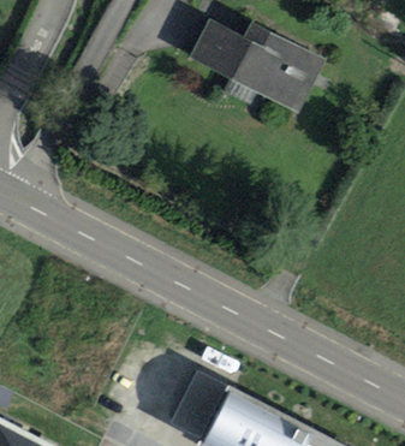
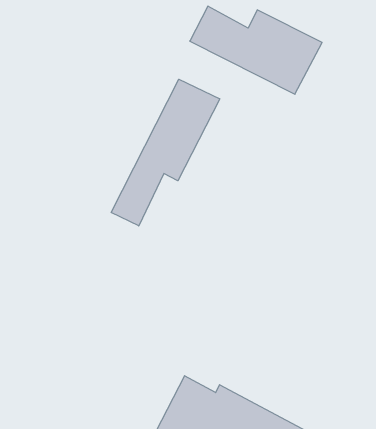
building: none -> [111,79,220,226]

